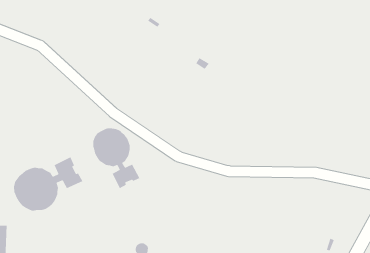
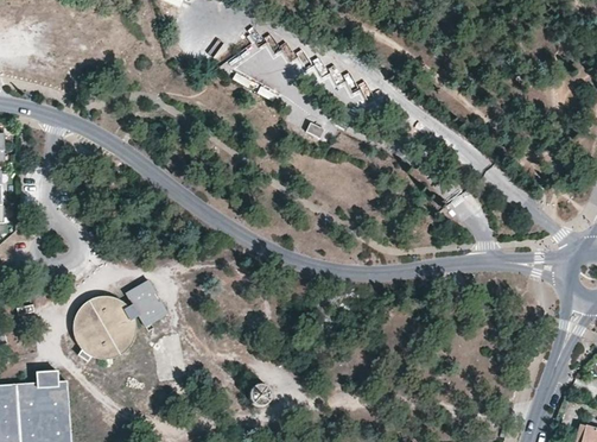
building: [93,127,141,189] -> none

